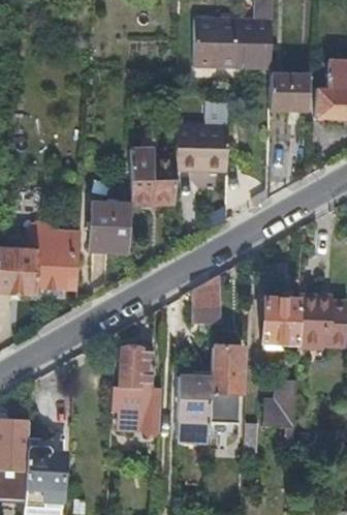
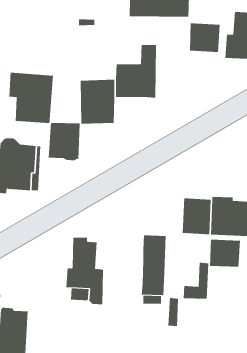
building: none -> [9,72,53,124]
building: [191,277,218,327] -> none
building: none -> [209,239,241,268]
building: [176,378,211,441] -> none

